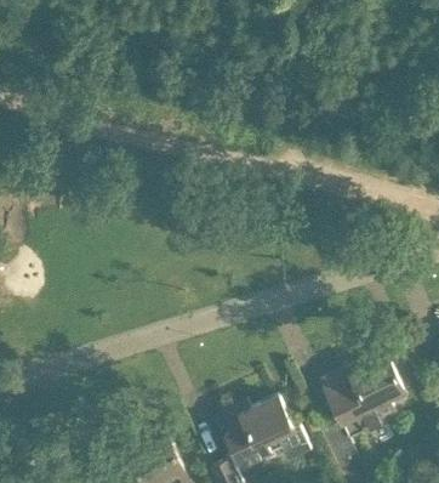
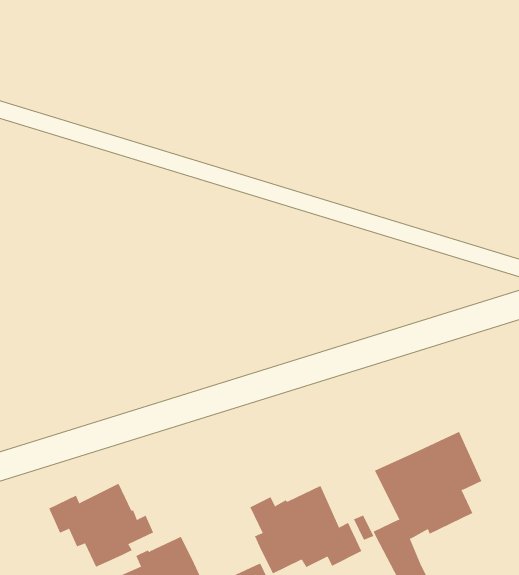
building: none -> [49,483,154,568]

